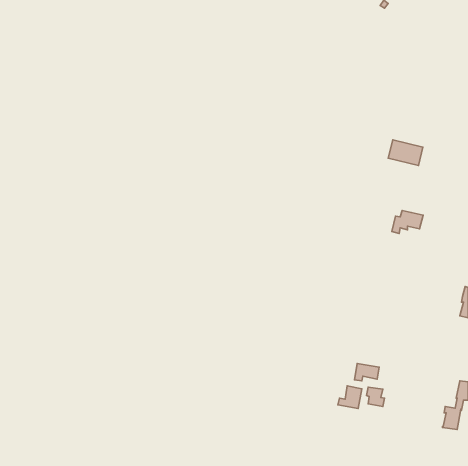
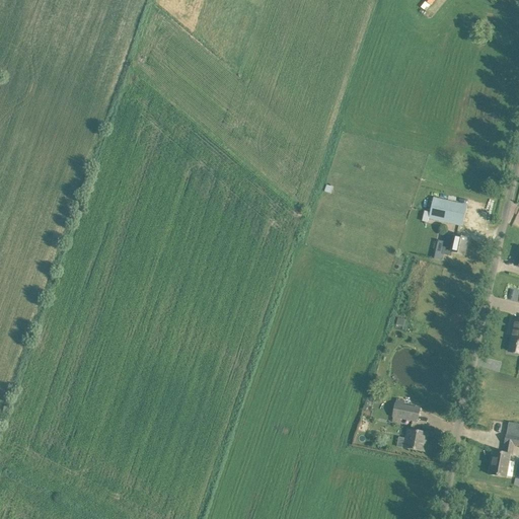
building: [388,140,423,166] -> [429,196,467,224]
building: [338,386,362,409] -> none

